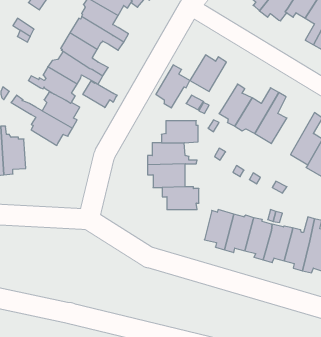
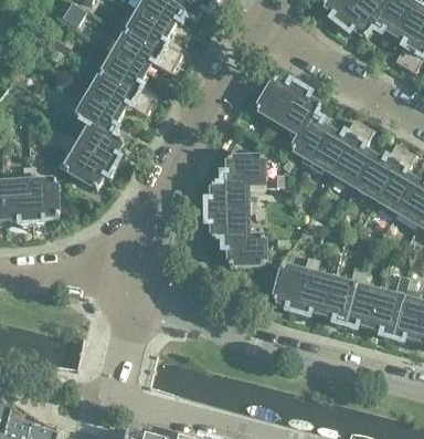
building: [156,65,190,108] -> [279,87,320,139]
building: [83,81,117,108] -> none
building: none -> [354,143,406,199]

